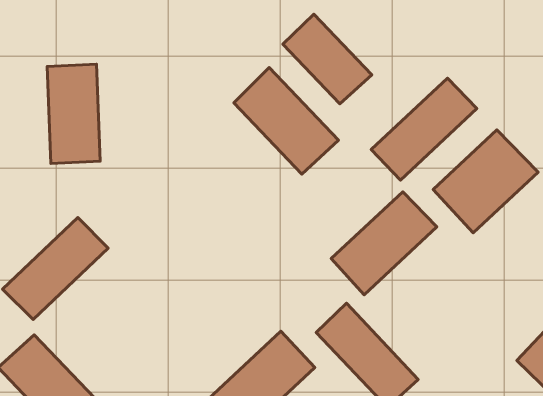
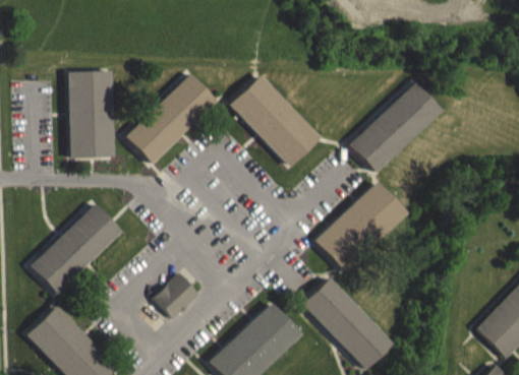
building: [283,14,372,104] -> none
building: none -> [126,74,218,164]
building: [433,130,538,233] -> none
building: none -> [155,272,201,320]

